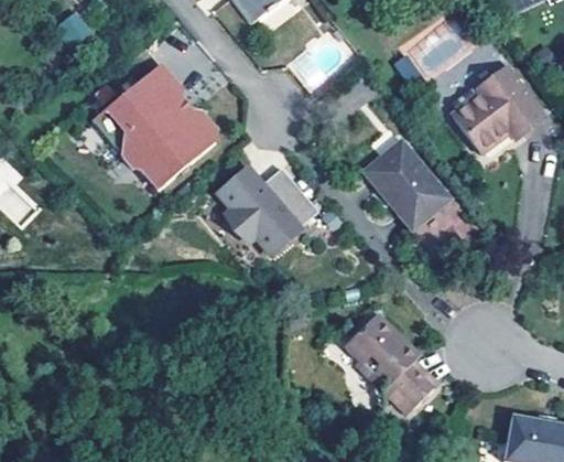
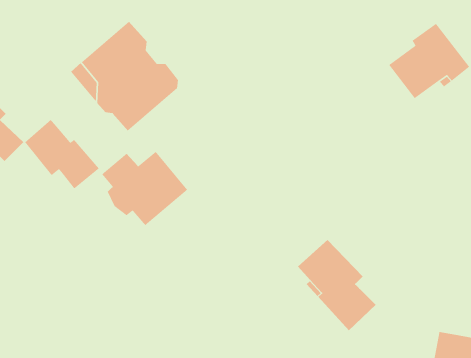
building: [364,142,447,229] -> none
building: [221,169,319,254] -> [101,151,188,226]
building: none -> [24,119,100,189]

